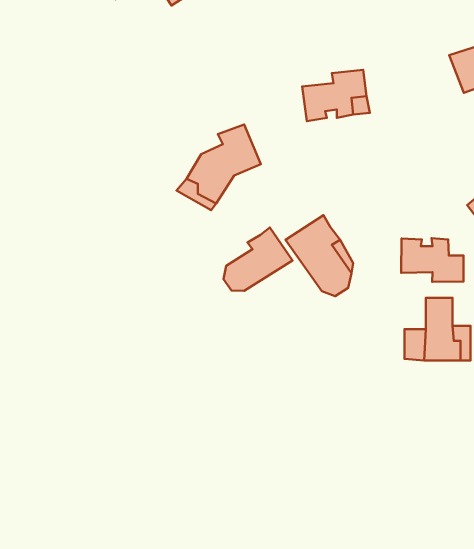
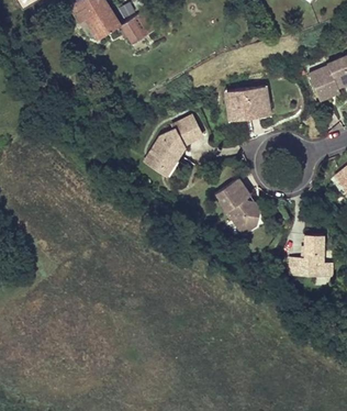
building: [224,227,292,291] -> none
building: [401,238,464,282] -> none

